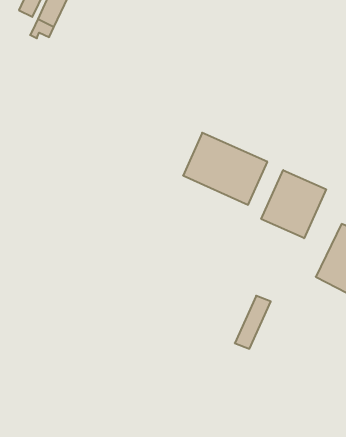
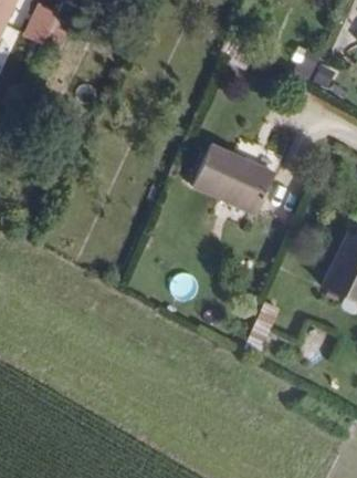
building: [261,170,326,238] -> none

